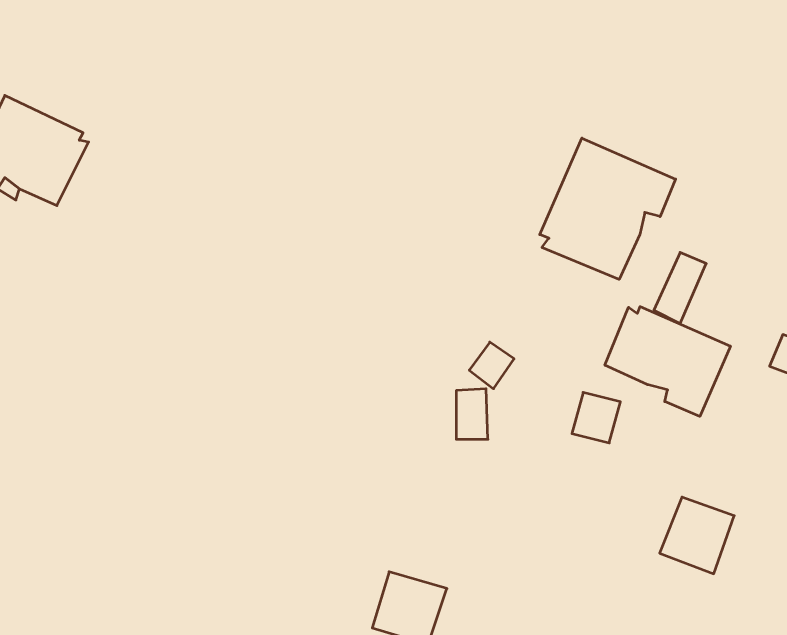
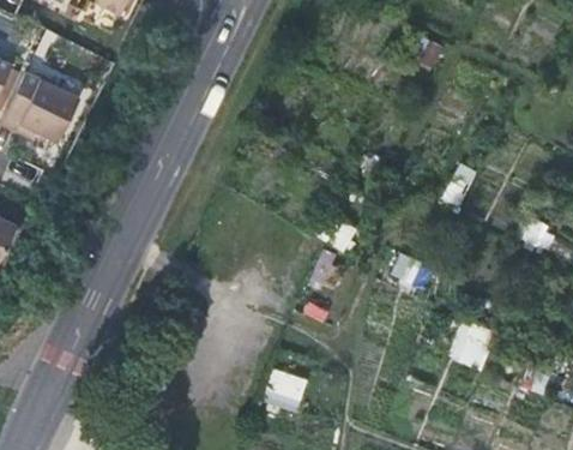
building: [540,138,676,279] -> none
building: [605,307,730,416] -> none

